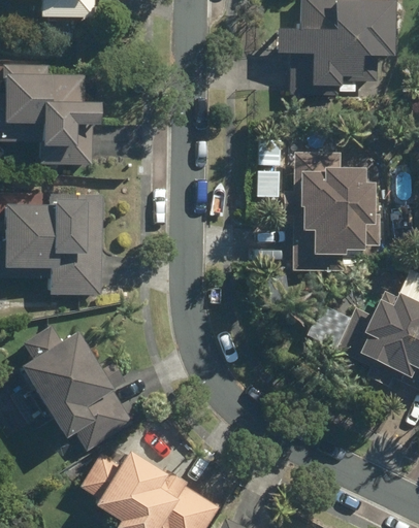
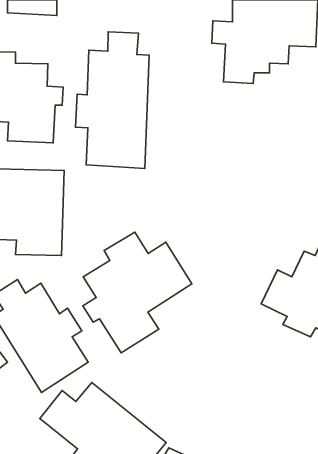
building: none -> [76,32,149,169]
building: [282,148,381,273] -> none
building: none -> [83,232,192,353]

